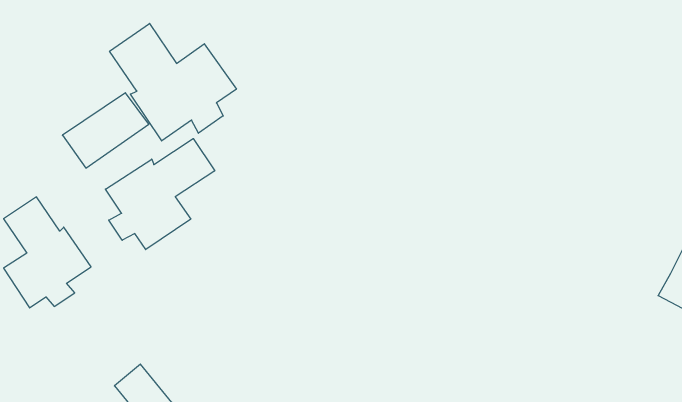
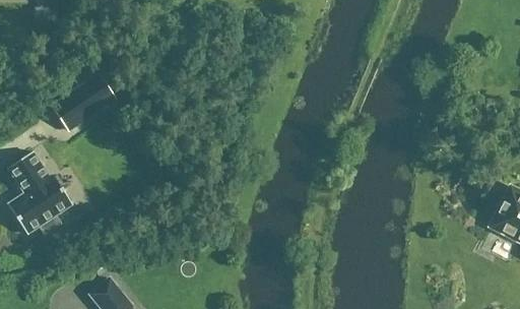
building: [110,23,236,141] -> none
building: [105,139,215,250] -> none

